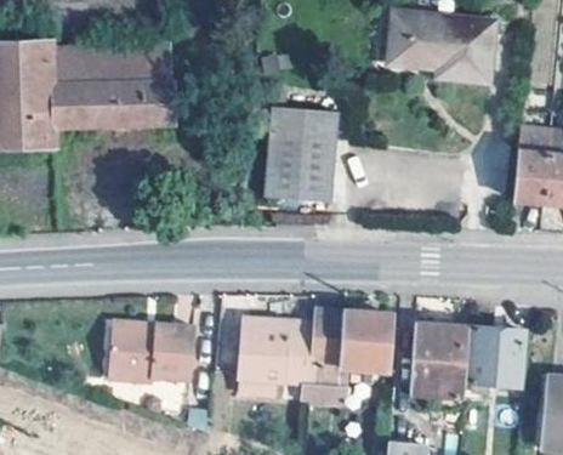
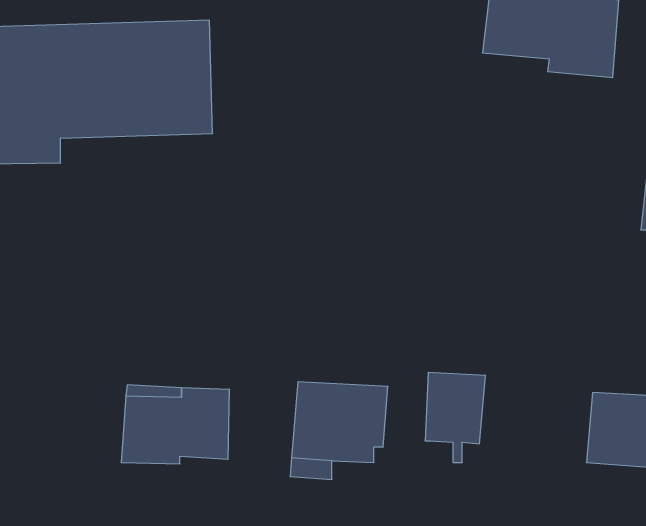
building: [267,108,341,201] -> none
building: [302,311,347,400] -> none
building: [409,324,461,398] -> none

